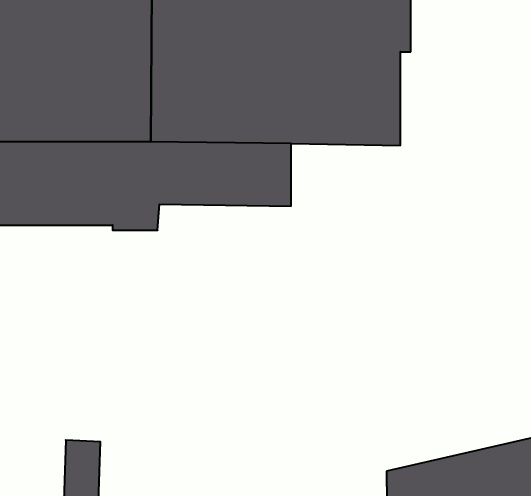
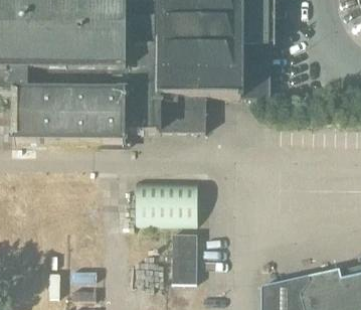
building: none -> [135,180,197,224]
building: none -> [172,230,198,281]

